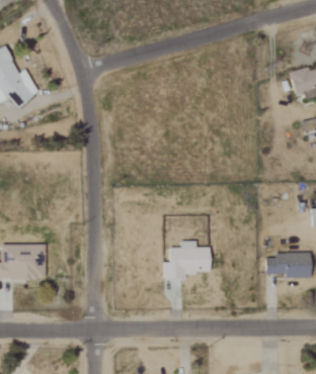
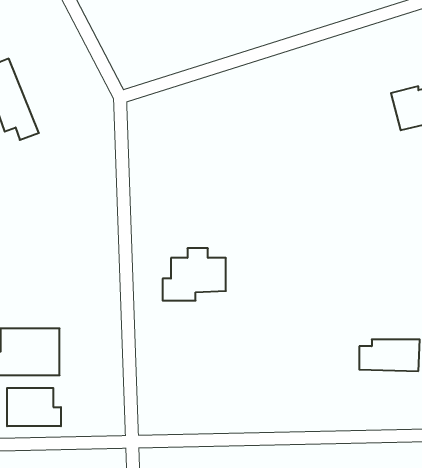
building: [163,241,210,279] -> [163,248,226,301]
building: none -> [7,388,61,426]

